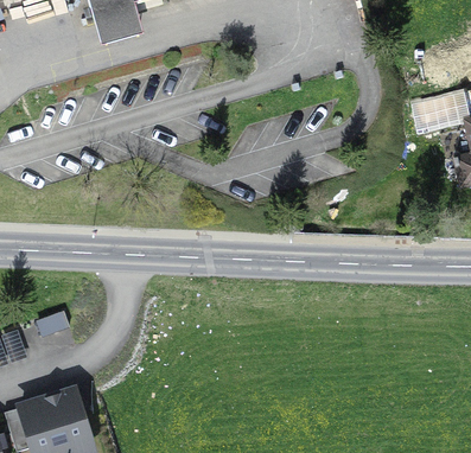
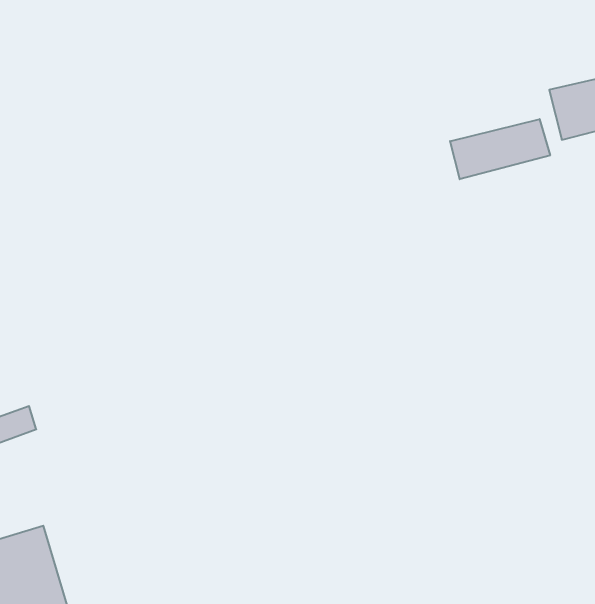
building: none -> [450,119,550,179]

